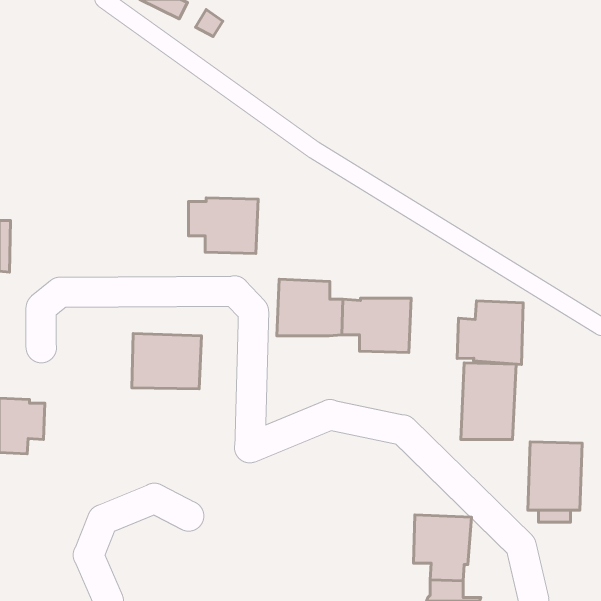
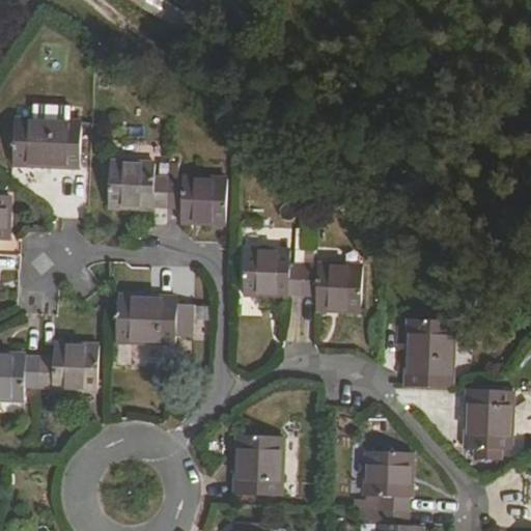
building: none -> [13,117,81,166]
building: none -> [109,160,166,209]
building: [457,301,523,365] -> none
building: none -> [38,342,99,390]
building: none -> [235,437,283,497]

